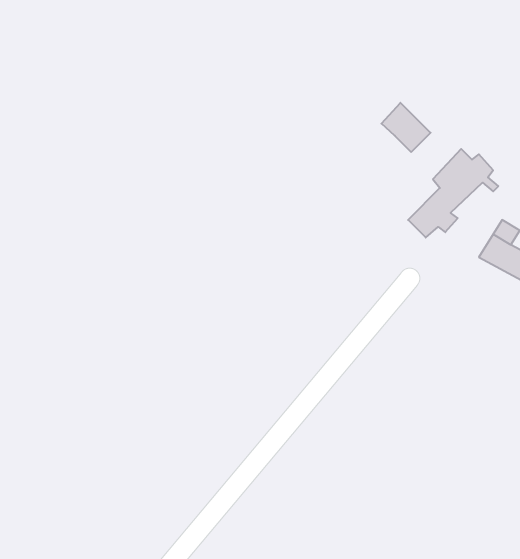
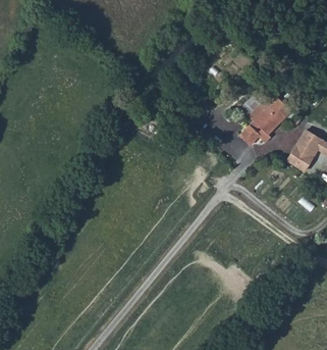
building: [381,103,431,152] -> none

